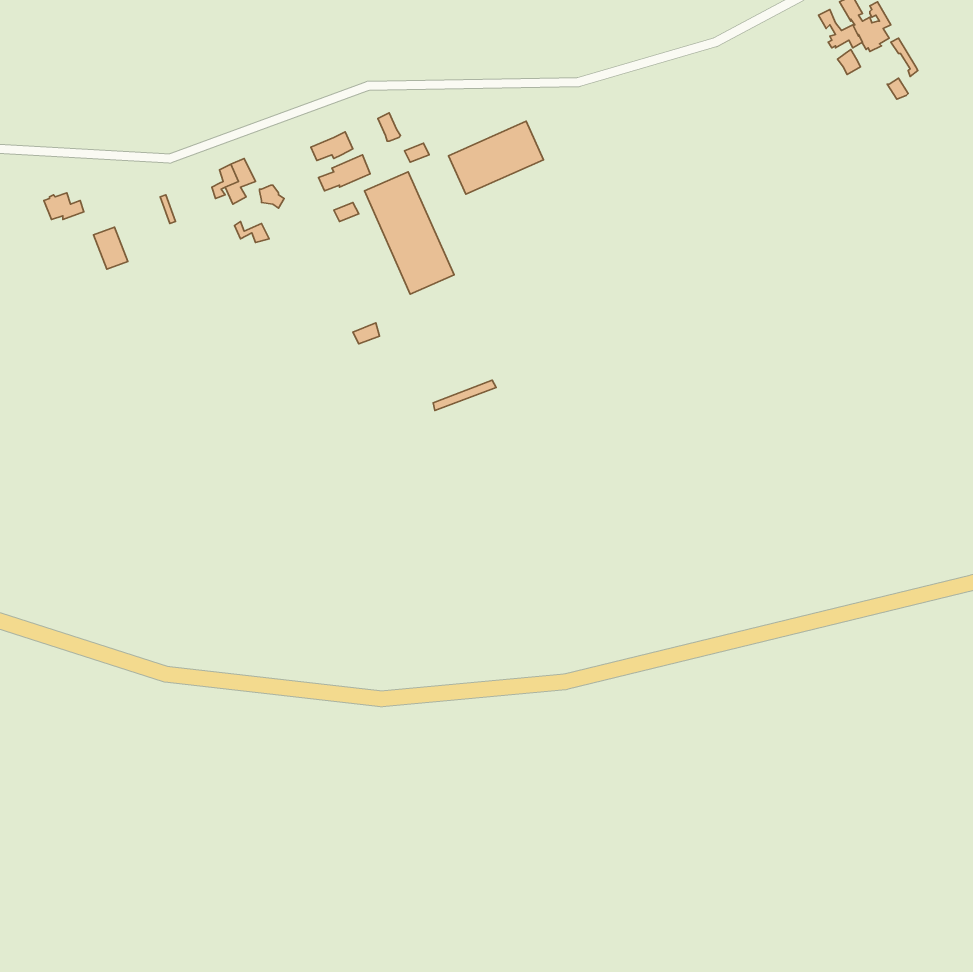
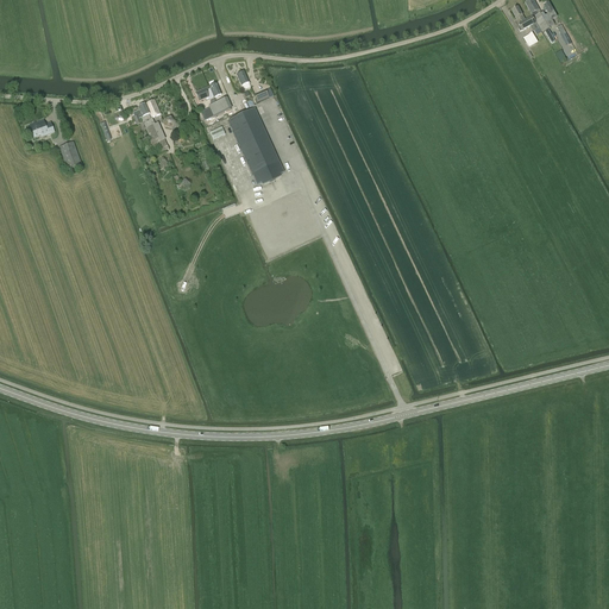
building: [449,121,543,194] -> none

